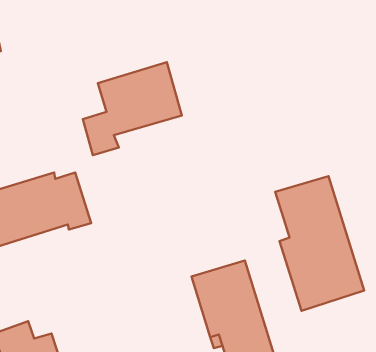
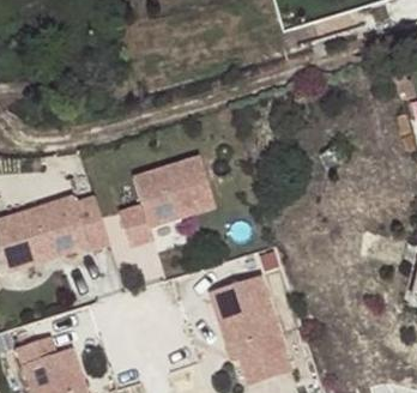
building: [83,62,182,155] -> [122,162,218,252]
building: [275,176,364,311] -> none

